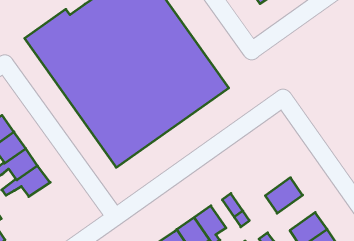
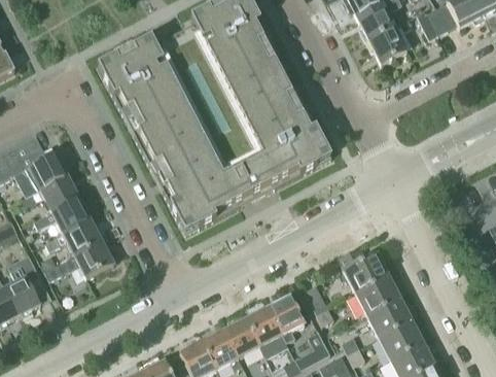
building: none -> [338,248,388,293]
building: none -> [44,242,114,281]
building: none -> [366,298,412,338]

